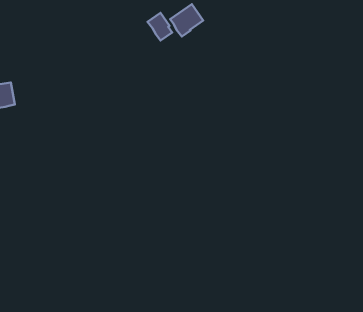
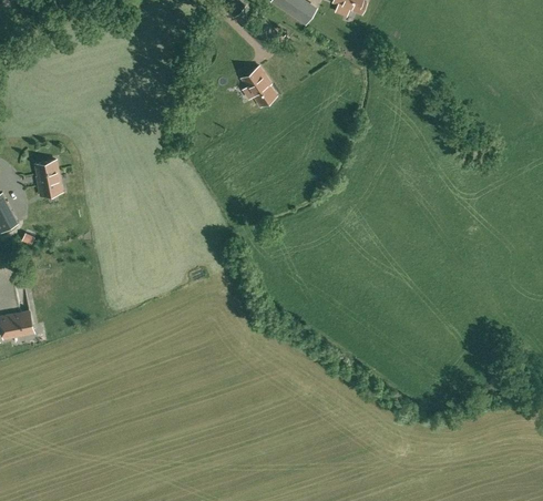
building: [170,4,203,37] -> none

